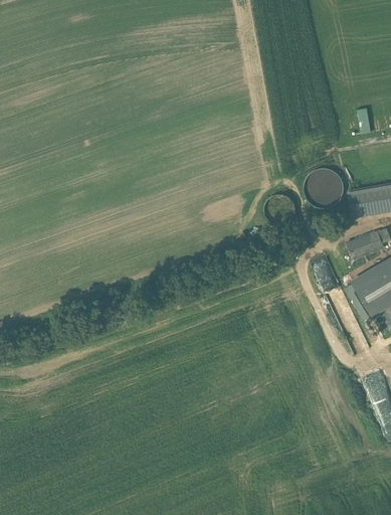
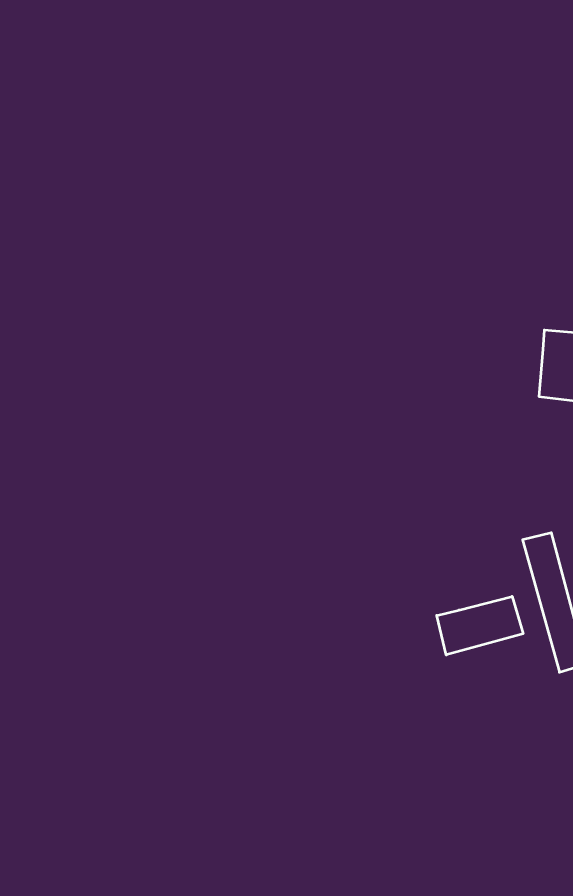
building: none -> [437,596,523,655]

